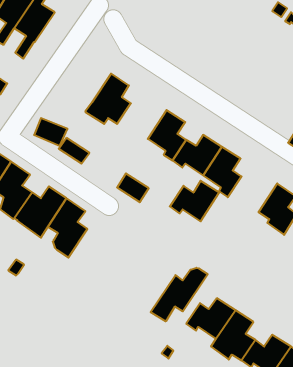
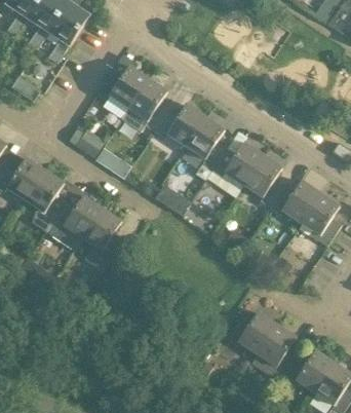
building: none -> [96,65,148,108]
building: none -> [154,104,205,146]
building: [170,181,219,221] -> [269,180,320,222]
building: [151,268,208,321] -> none

